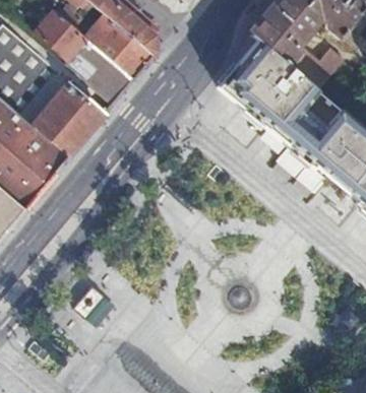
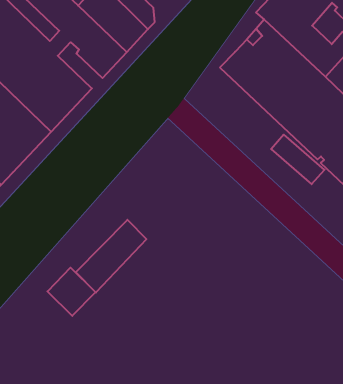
building: none -> [76,220,146,293]

